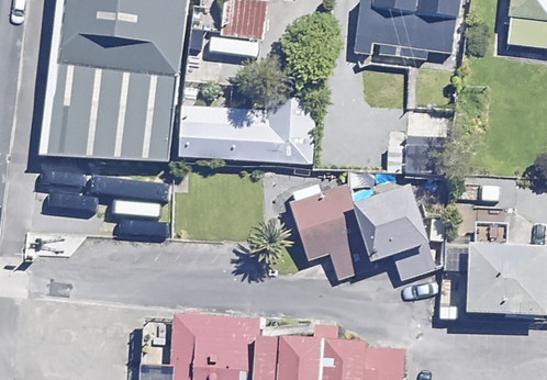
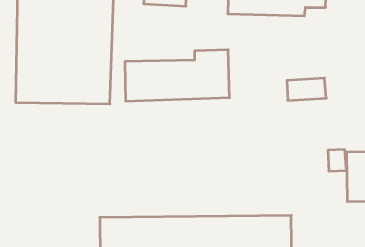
building: [299,186,442,281] -> none

